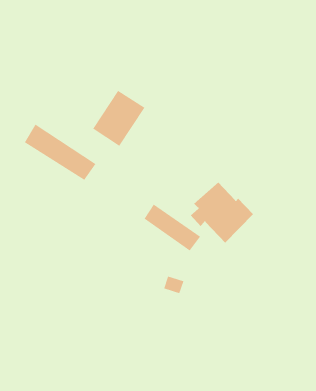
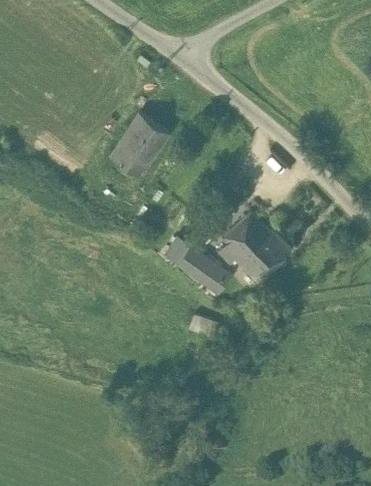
building: [24,123,96,181] -> none

